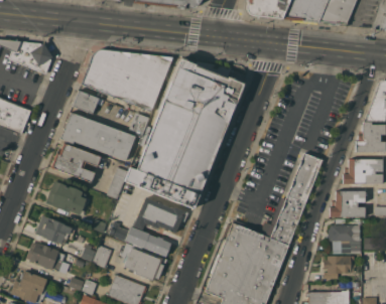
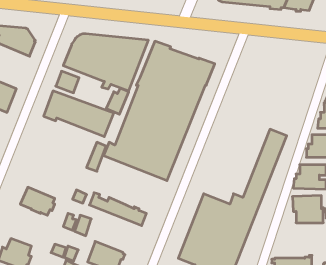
building: [50,143,100,182] -> none
building: [45,181,86,215] -> none
building: [132,197,188,233] -> none
building: [26,242,69,274] -> none
building: [123,248,163,283] -> none
building: [323,256,356,279] -> none

